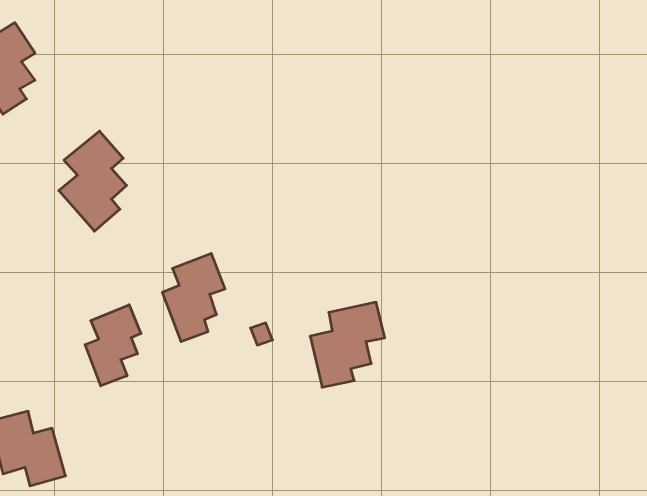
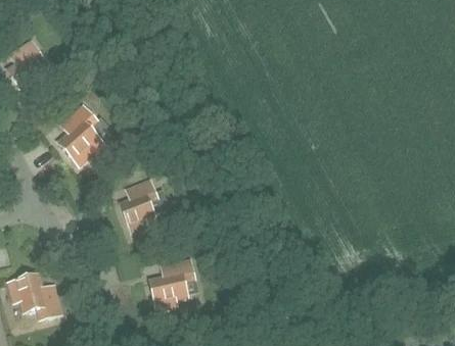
building: [310,302,385,387] -> [149,258,194,309]
building: [85,305,141,386] -> none

